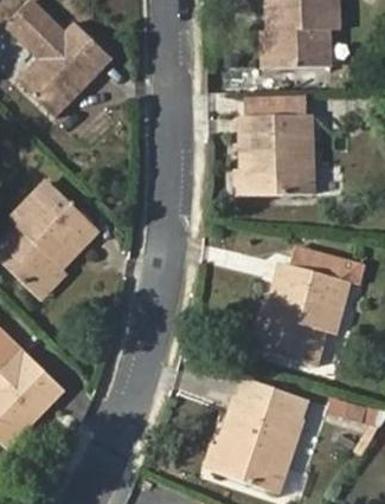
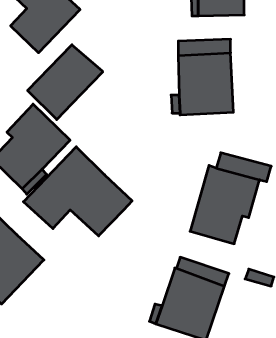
building: none -> [28,45,103,120]
building: none -> [23,147,132,236]

